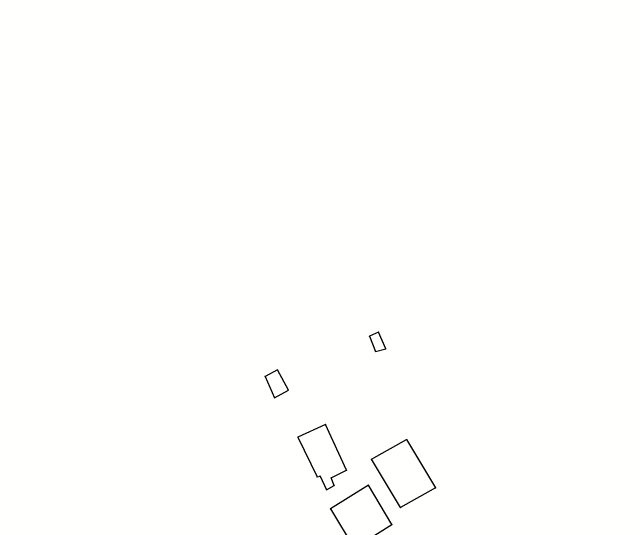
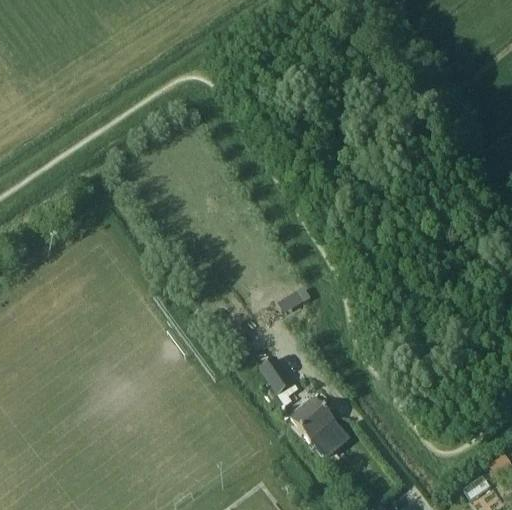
building: [371,440,436,508] -> none

